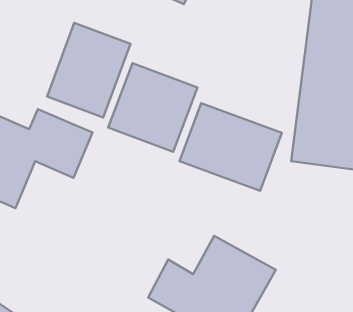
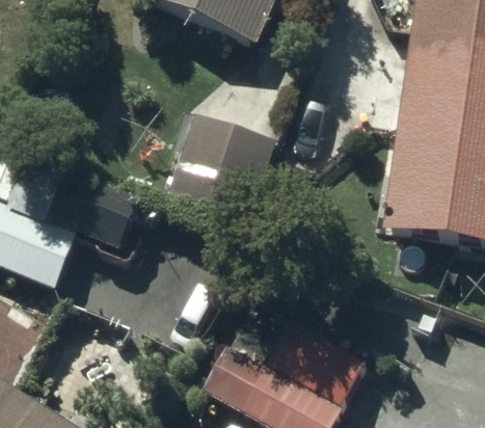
building: [47,23,130,118] -> none
building: [180,103,282,191] -> none

